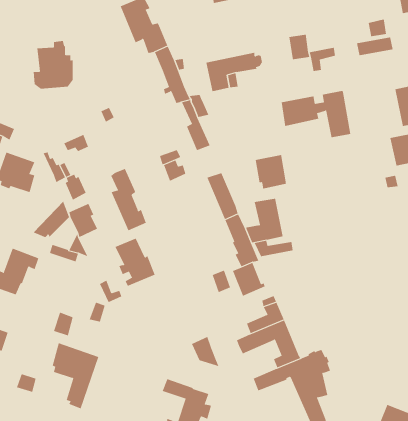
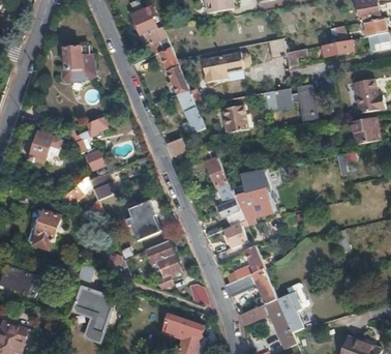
building: [255,155,287,189] -> [220,102,246,130]
building: [110,168,147,231] -> none
building: none -> [145,240,180,287]

